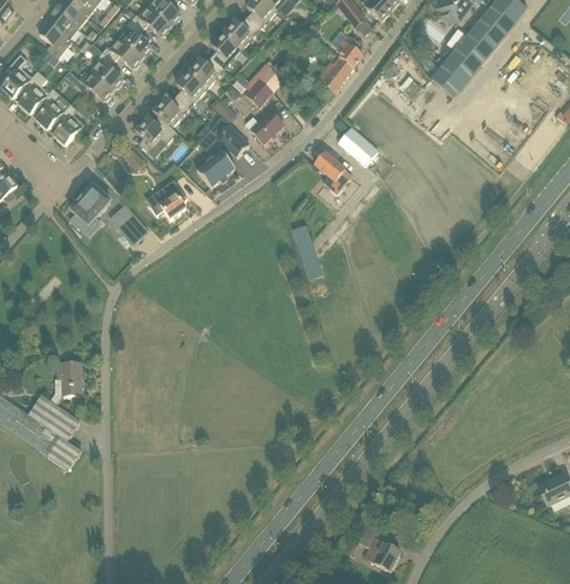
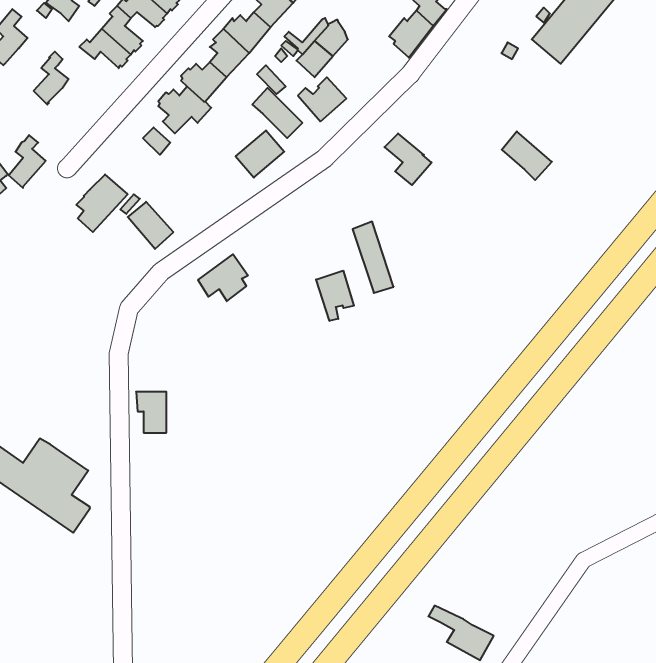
building: [18,69,49,113] -> none
building: [53,102,83,144] -> [8,135,46,188]
building: [338,125,378,164] -> [502,131,552,180]
building: [147,181,186,218] -> [198,254,248,301]
building: none -> [316,271,354,321]
building: [57,361,81,394] -> [136,392,166,433]

